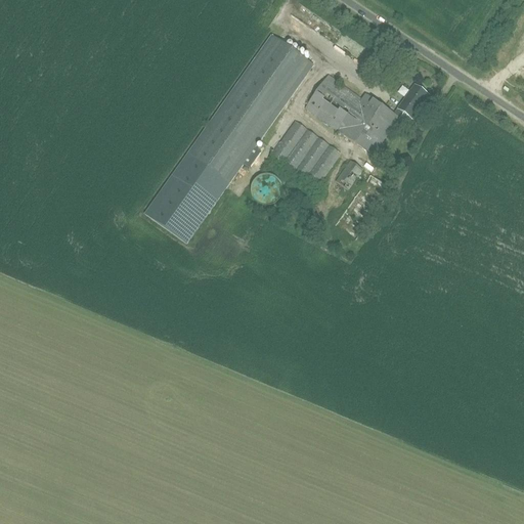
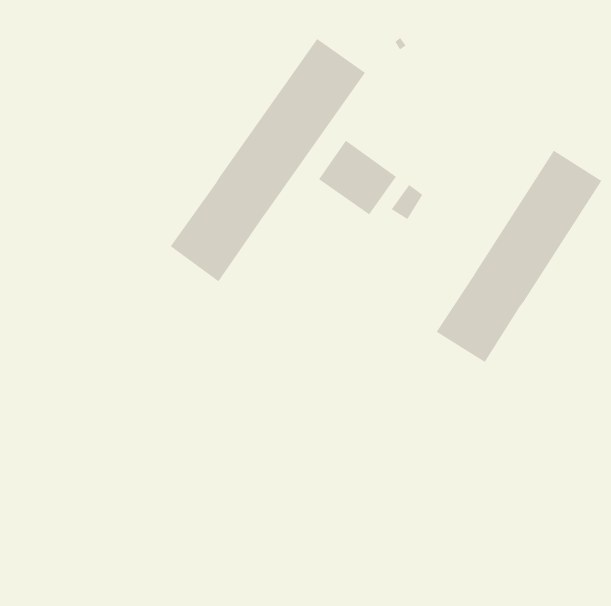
building: [305,74,429,154] -> none
building: none -> [436,150,602,363]

